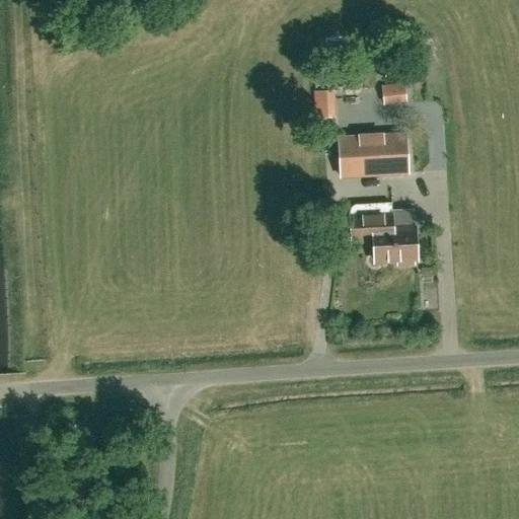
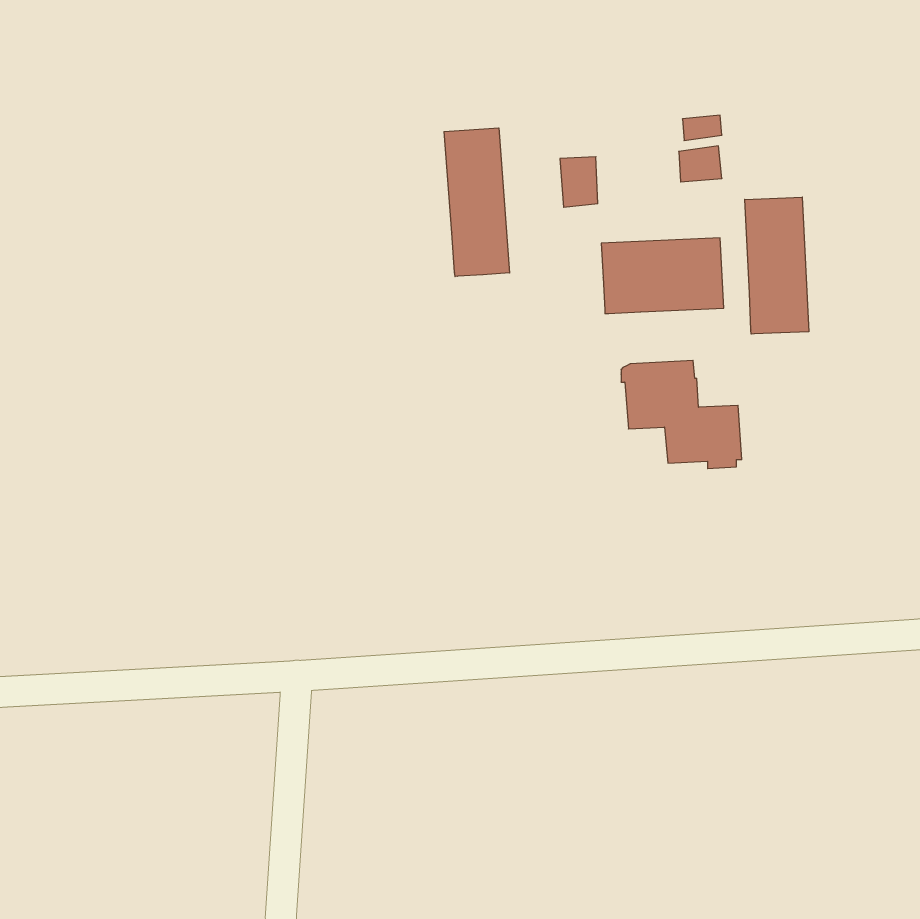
building: none -> [444,128,510,277]
building: none -> [745,197,809,334]

